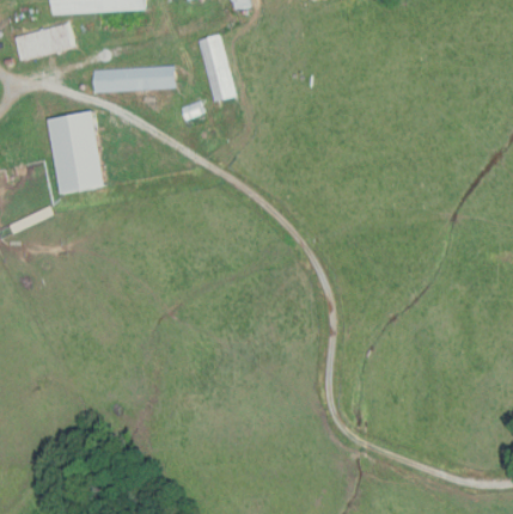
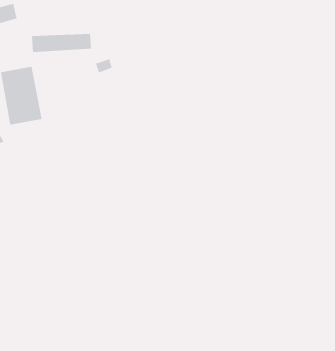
building: [197,35,236,100] -> none

